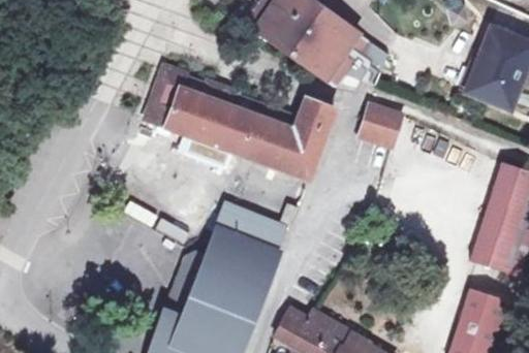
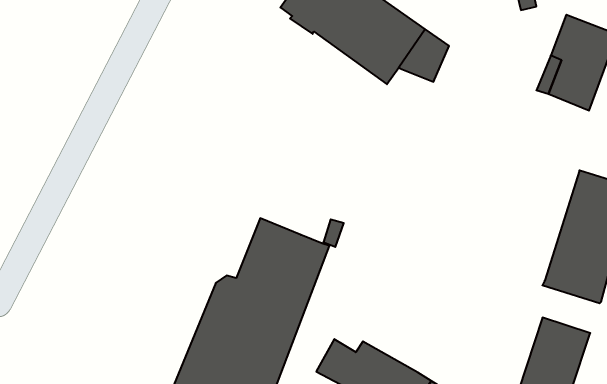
building: [146,68,334,180] -> none
building: [359,104,402,148] -> none

